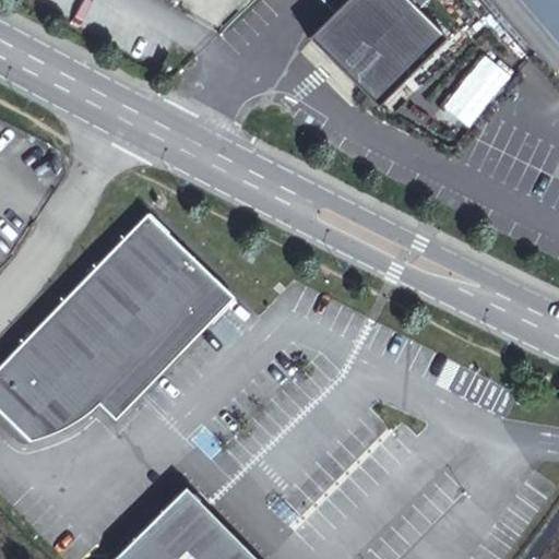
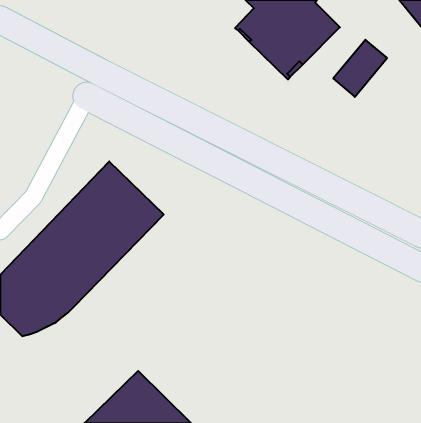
building: [99,283,231,421] -> none

